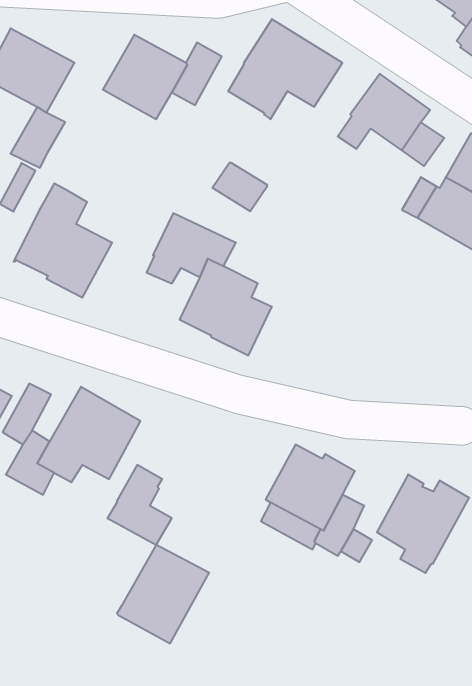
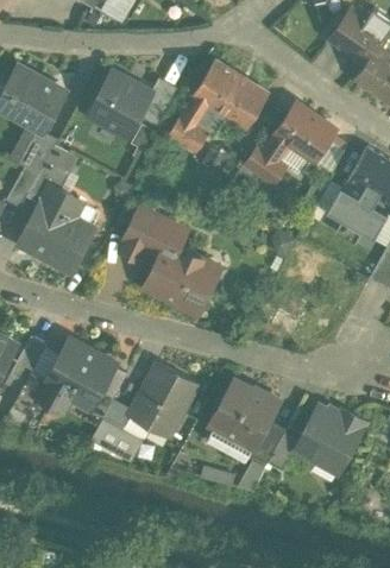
building: none -> [244,145,287,187]
building: none -> [26,160,70,203]
building: [212,163,267,211] -> [168,114,209,151]
building: [117,545,209,643] -> [128,362,199,437]

